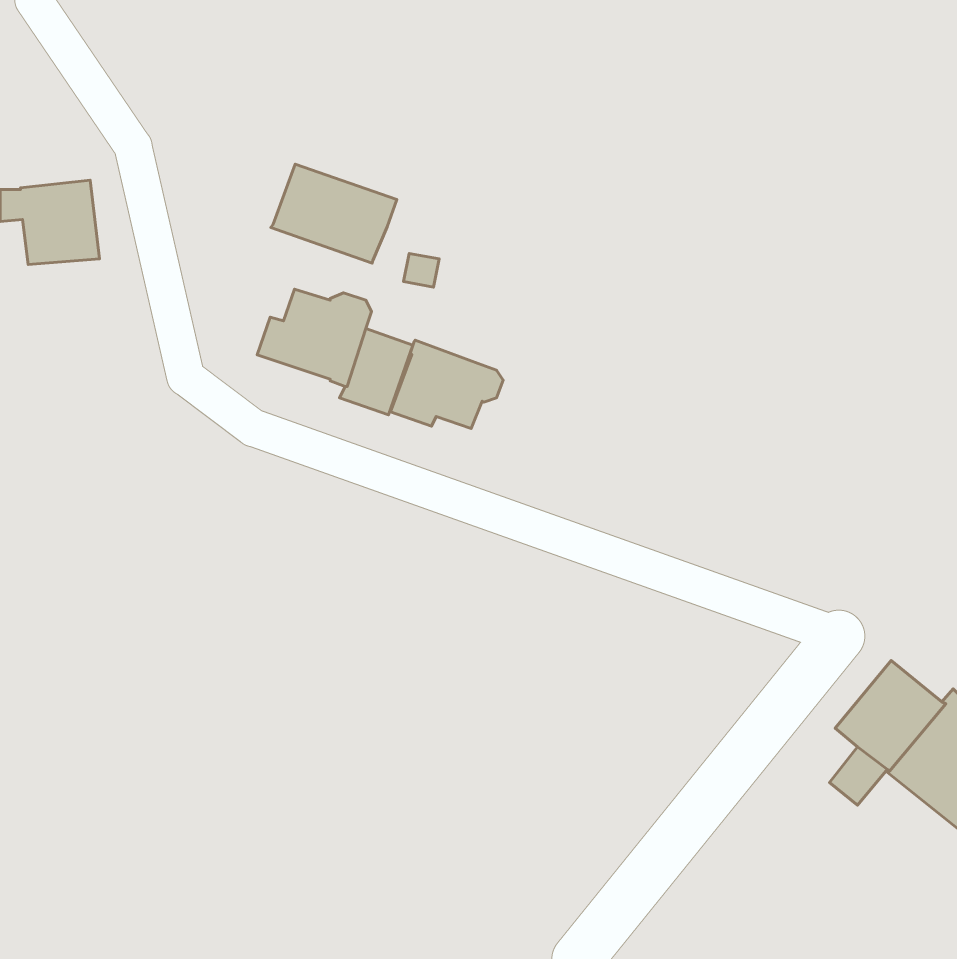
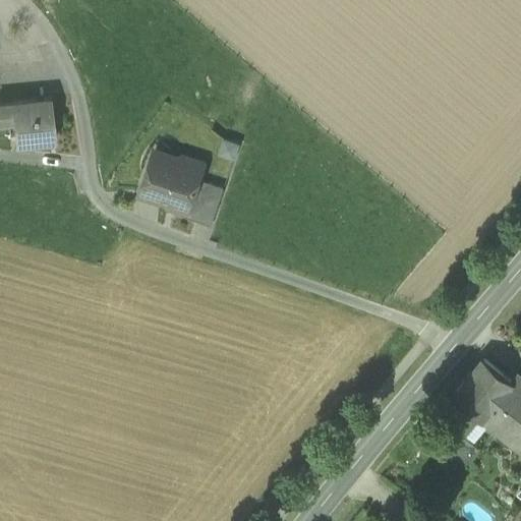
building: [271,164,397,263] -> none
building: [390,340,503,429] -> none

